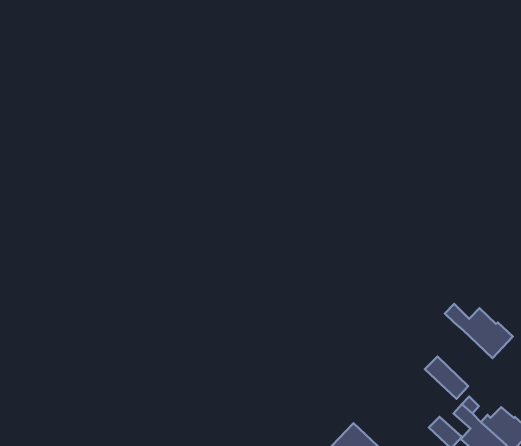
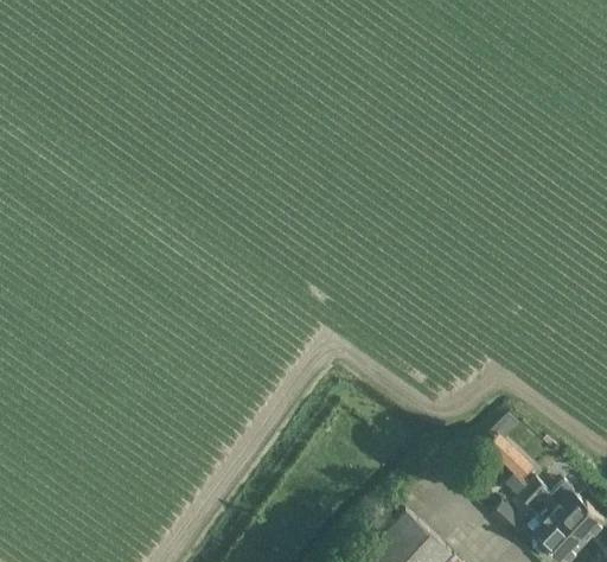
building: [445,304,513,358] -> none

